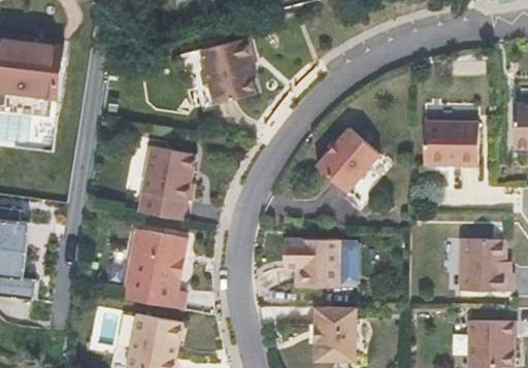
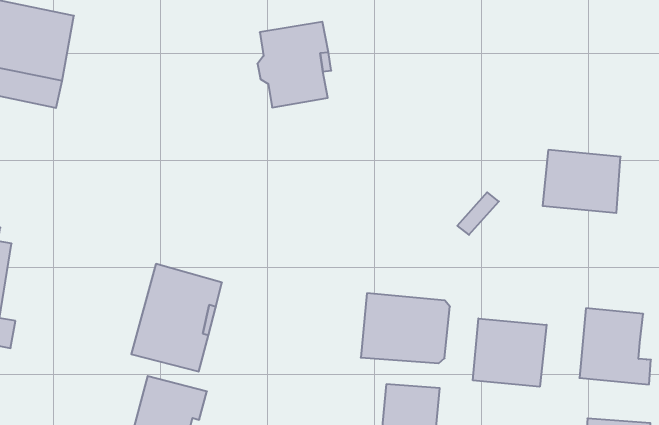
building: [317,127,380,191] -> none
building: [139,144,196,220] -> none
building: none -> [473,318,547,387]

